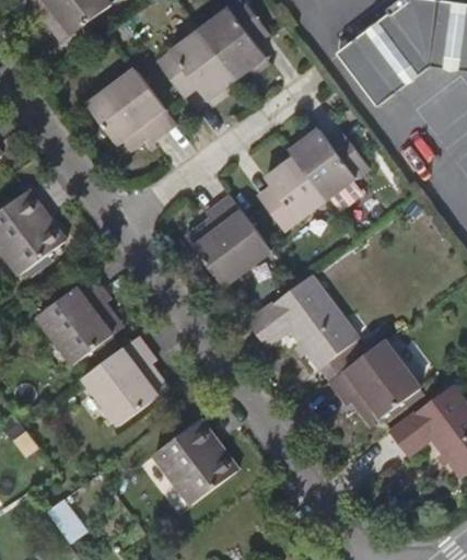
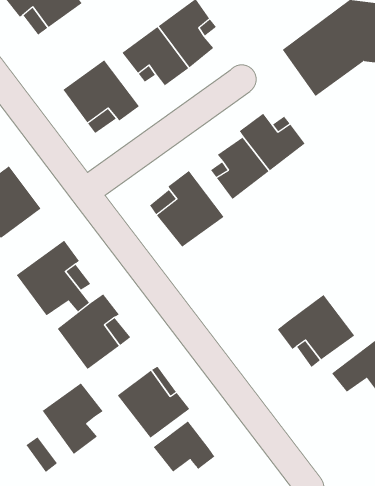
building: [254,273,360,378] -> none
building: none -> [42,383,104,455]
building: none -> [153,420,215,473]

